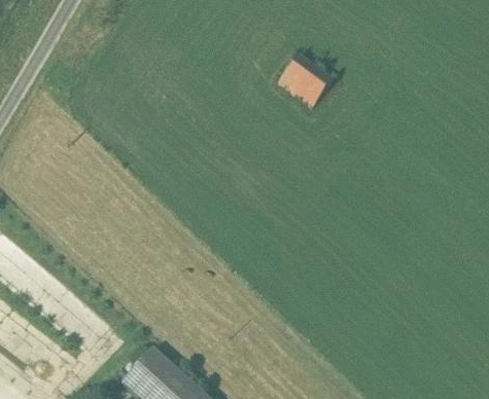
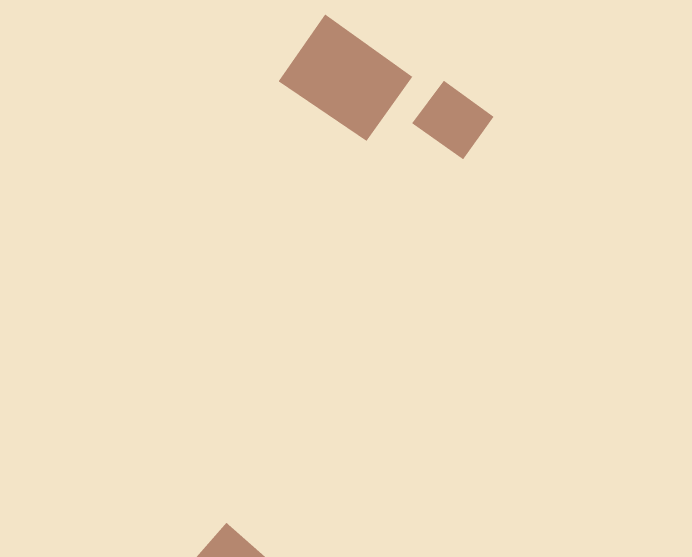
building: none -> [278,14,413,142]

